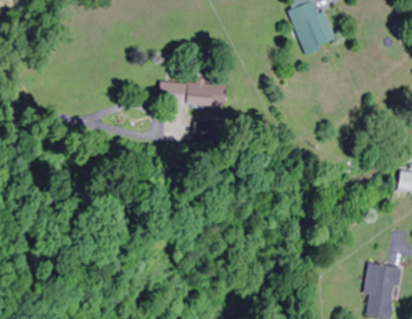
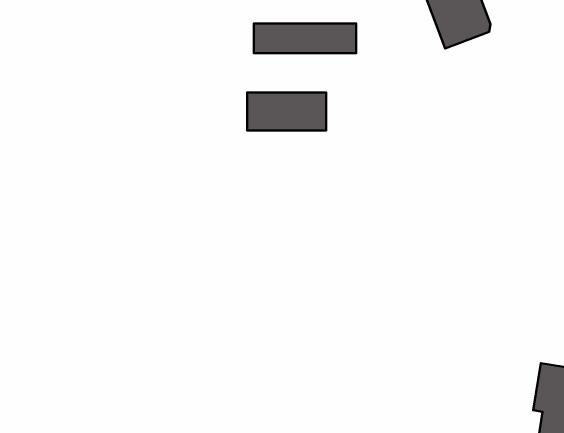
building: none -> [254,23,356,53]

